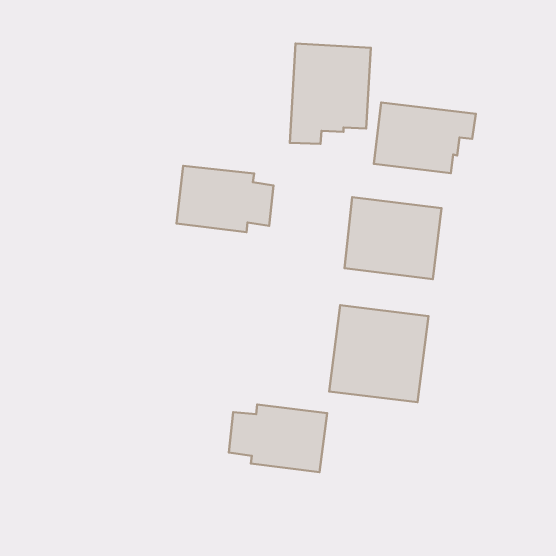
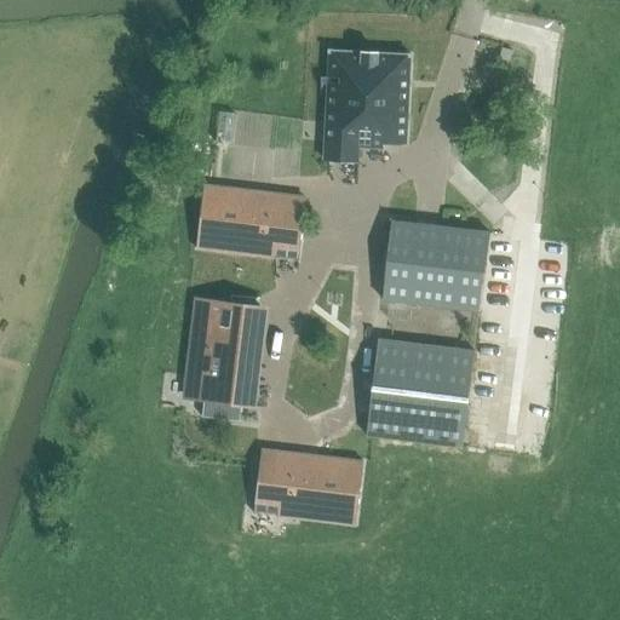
building: [374,102,476,173] -> none
building: none -> [185,295,259,406]

